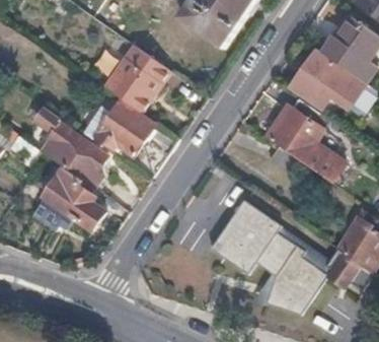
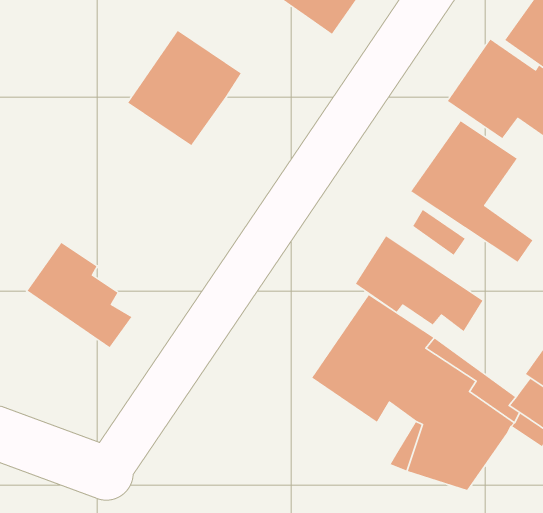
building: [89,99,153,156] -> none
building: [34,107,106,189] -> none
building: none -> [355,235,484,332]

